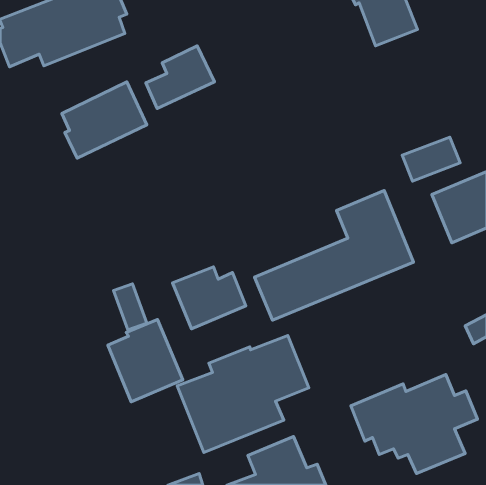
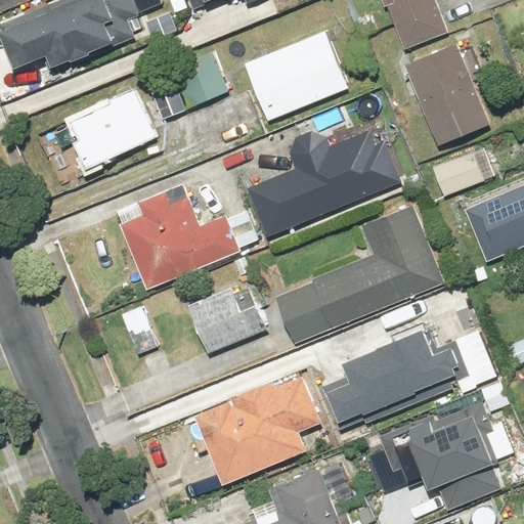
building: none -> [244,32,349,122]
building: none -> [402,43,489,146]
building: none -> [246,129,402,238]
building: none -> [116,182,259,289]
building: none -> [325,322,475,422]
building: [108,319,183,402] -> none

